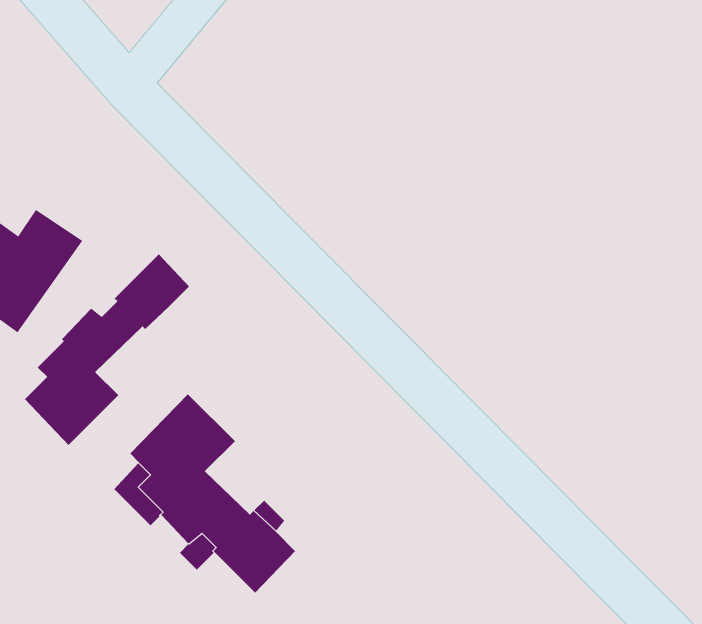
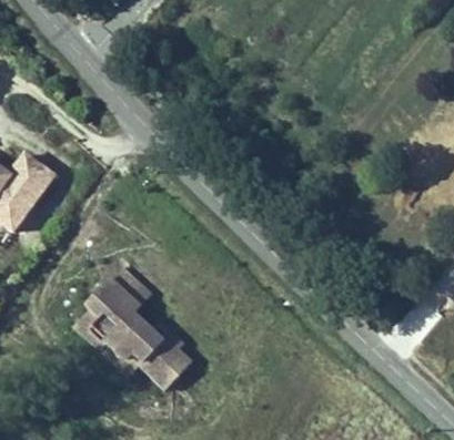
building: [24,254,190,446] -> none

